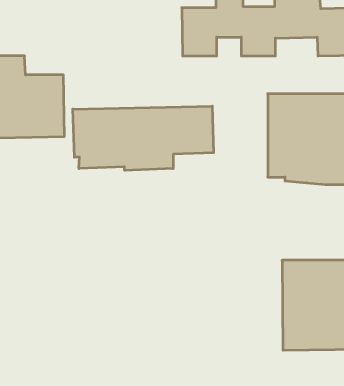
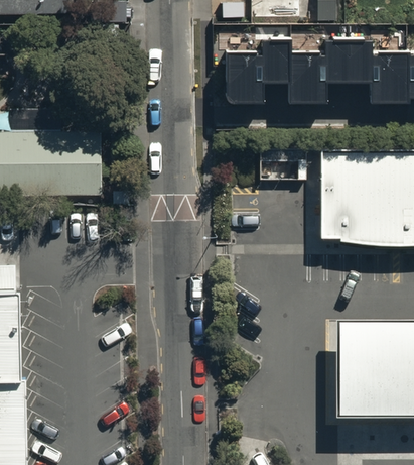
building: [73,106,214,170] -> none

